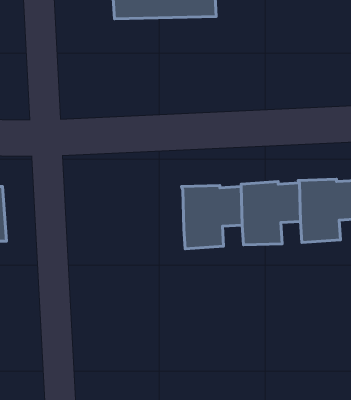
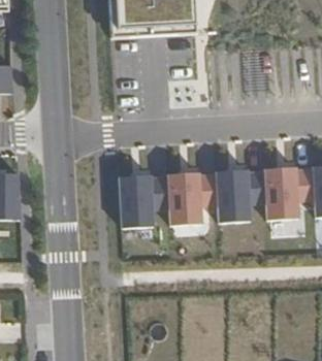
building: none -> [119,174,168,227]

